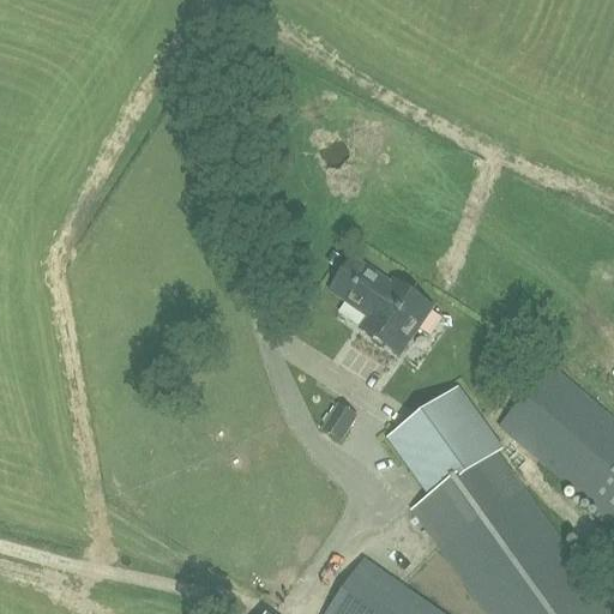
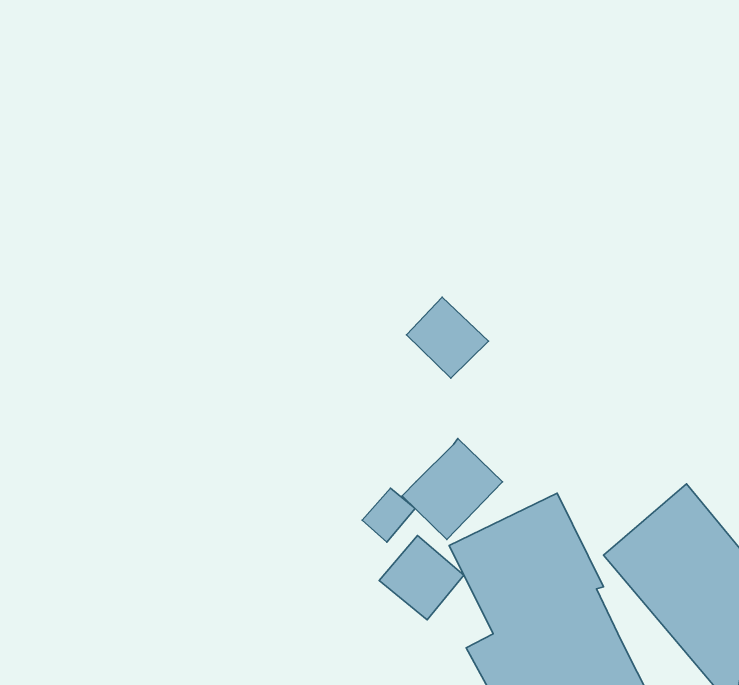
building: [361,279,432,354] -> [402,438,502,540]
building: none -> [379,536,464,620]

